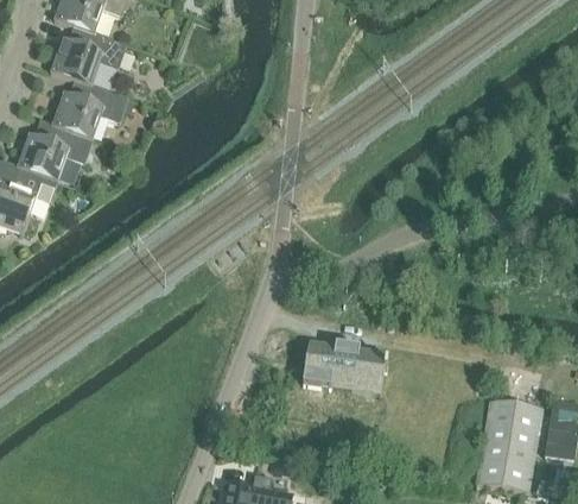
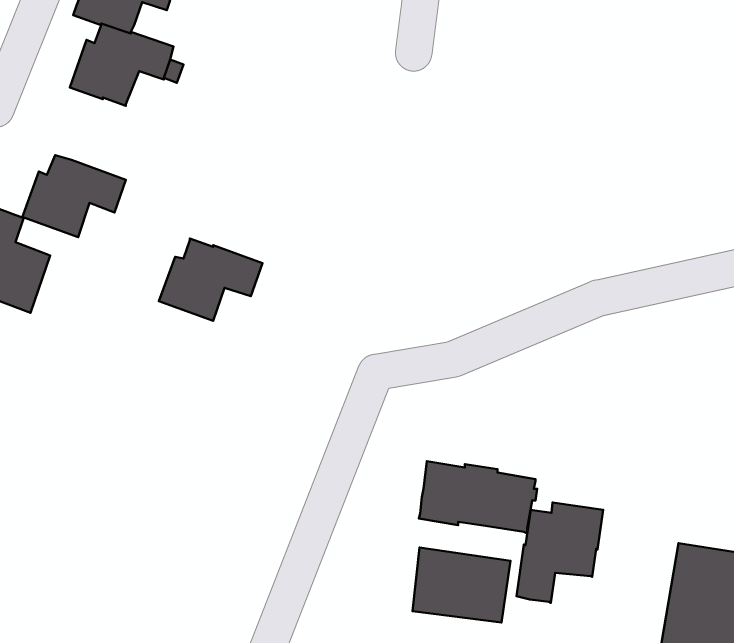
building: [52,77,127,137] -> [159,239,262,321]
building: none -> [517,503,603,603]
building: none -> [413,548,510,622]

